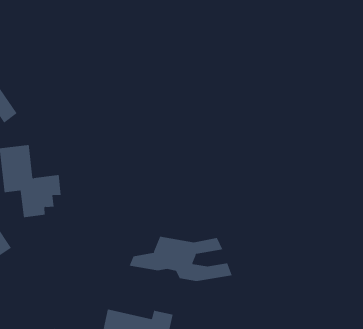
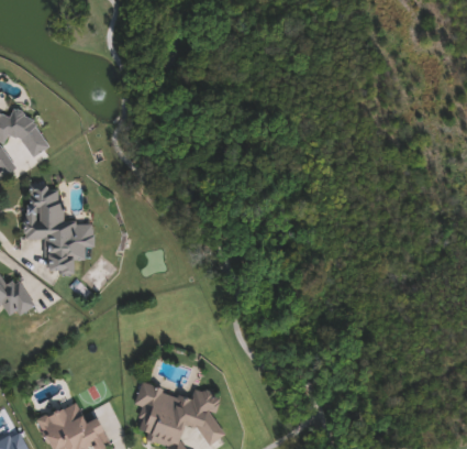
building: [129,236,232,282] -> none

